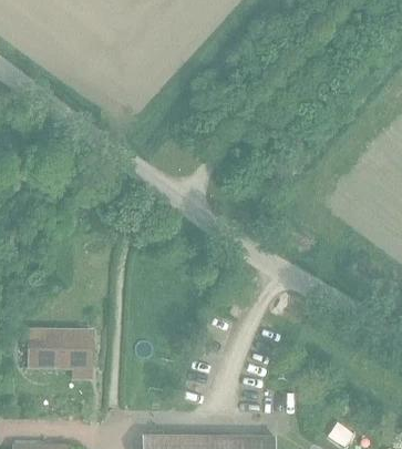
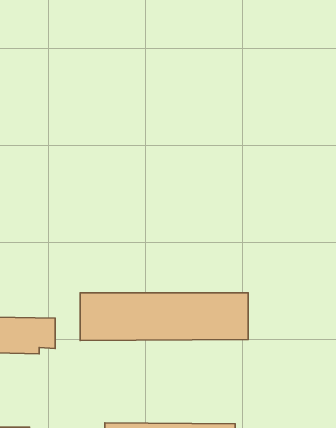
building: none -> [80,293,248,340]

